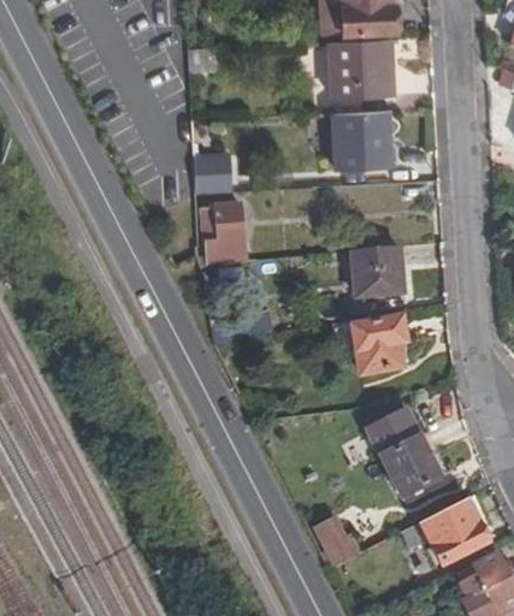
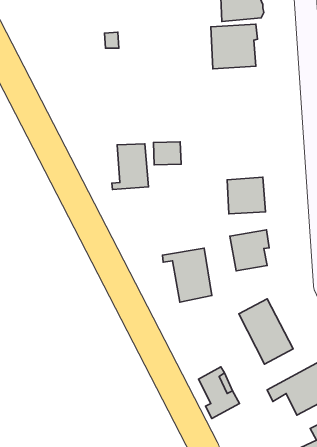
building: [333,112,391,173] -> none
building: [191,165,229,196] -> [153,142,181,165]
building: none -> [162,248,212,302]

